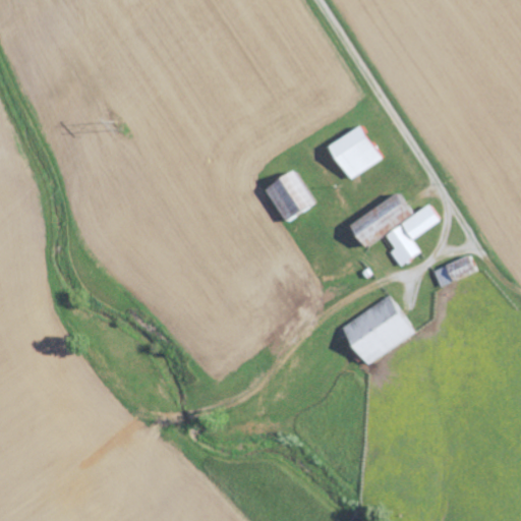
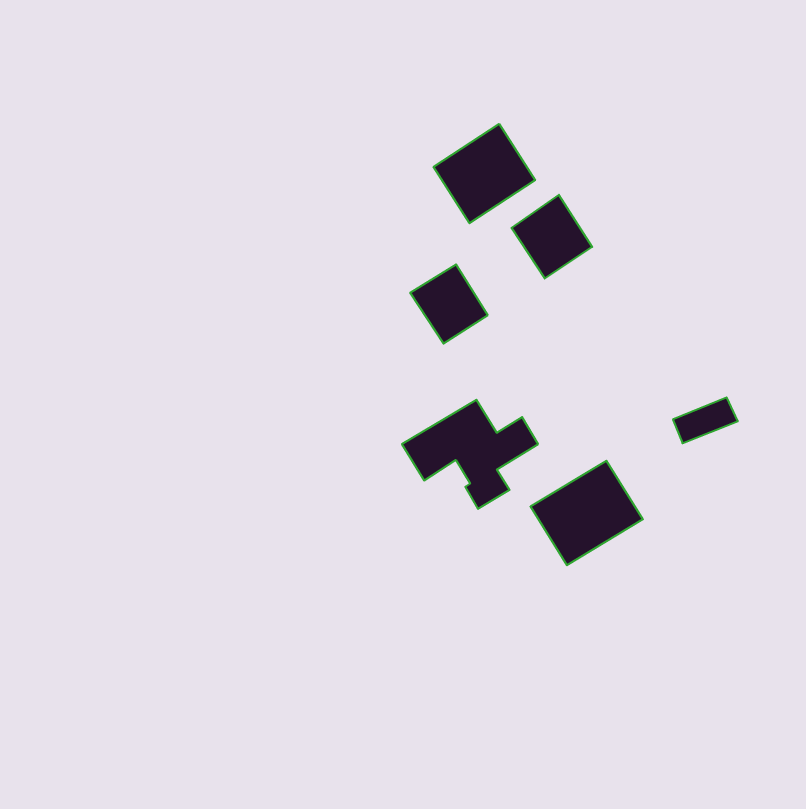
building: none -> [434,124,535,223]
building: [350,194,438,265] -> [402,400,538,509]

